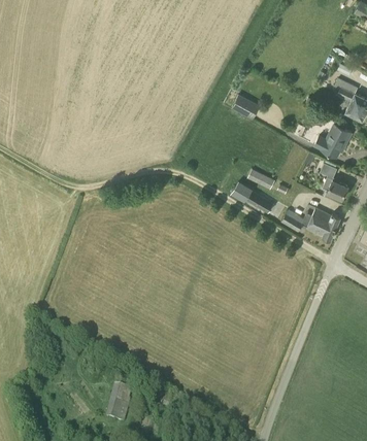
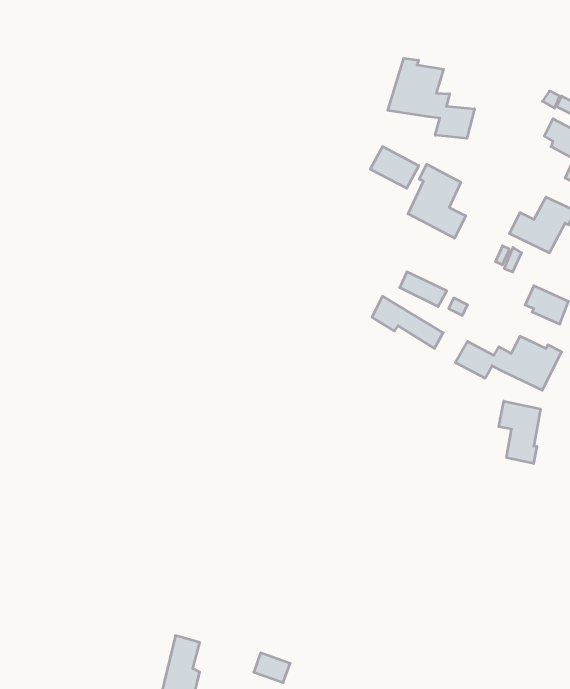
building: none -> [388,58,474,138]
building: none -> [408,164,466,238]
building: none -> [499,401,540,464]

